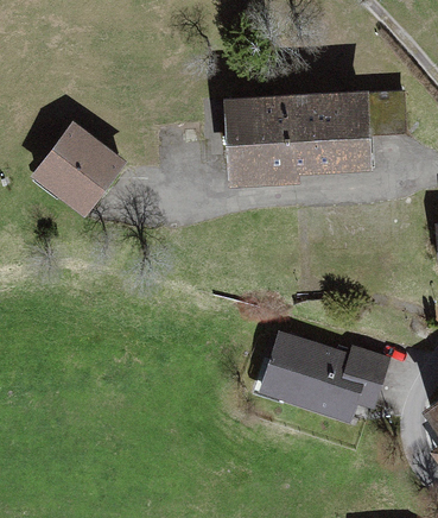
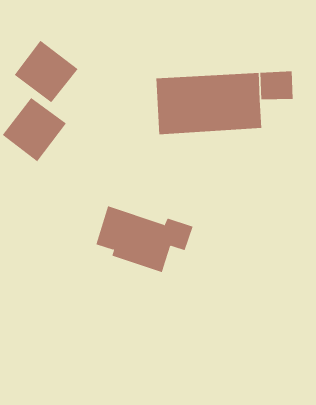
building: none -> [14,40,78,103]
building: [262,331,386,416] -> [95,206,194,273]

